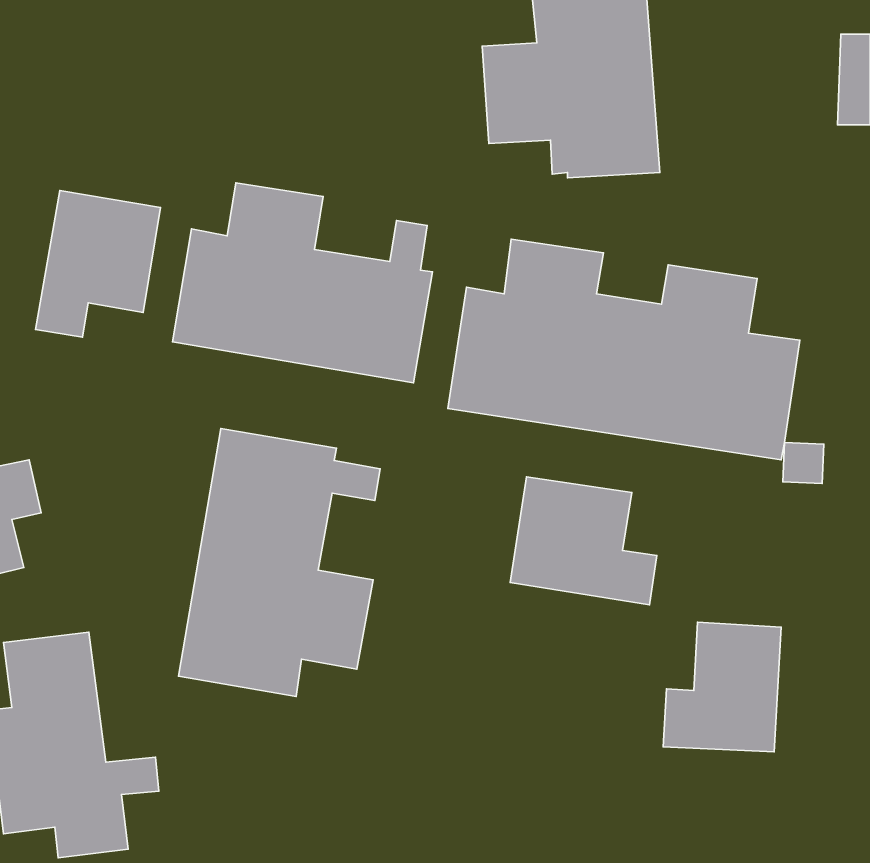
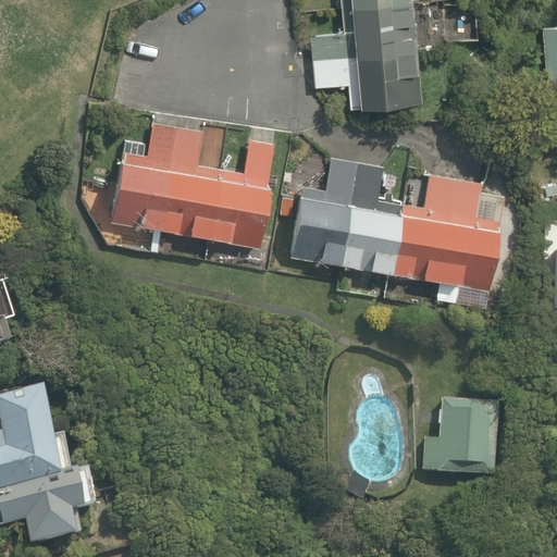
building: [35,190,161,337] -> none
building: [179,428,380,696] -> none
building: [510,477,657,605] -> none

